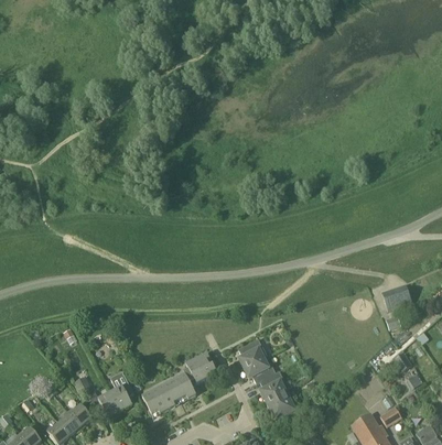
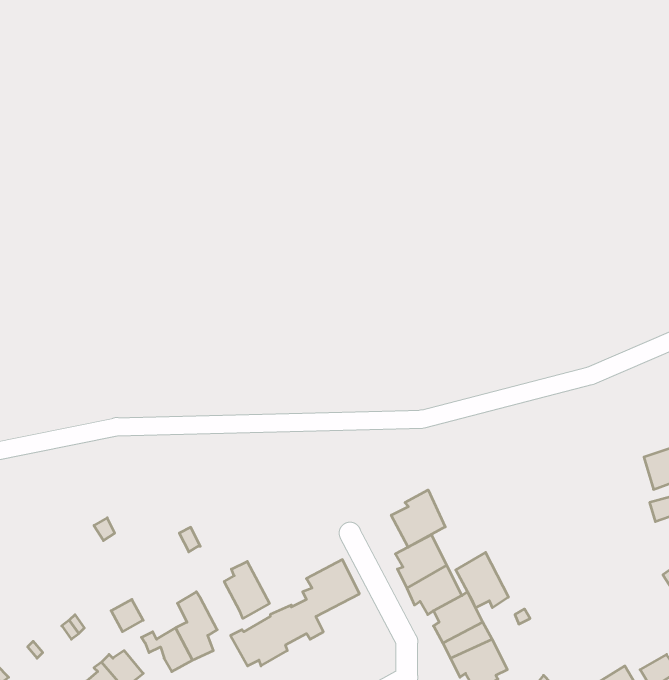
building: none -> [391,490,445,547]
building: none -> [456,552,508,608]
building: none -> [224,561,269,618]

